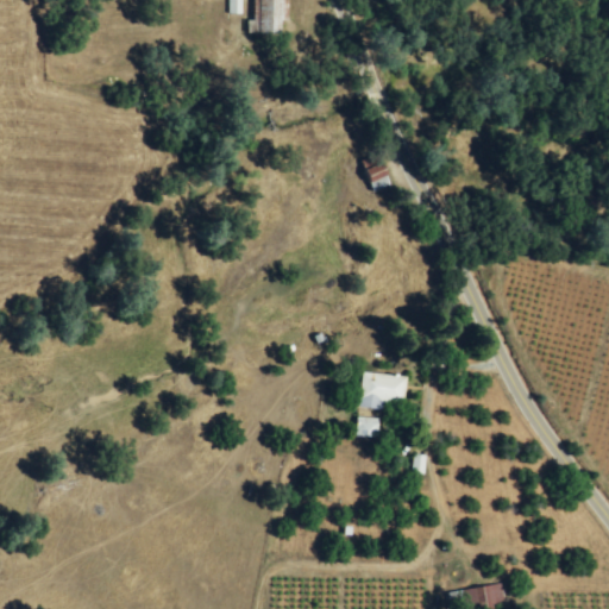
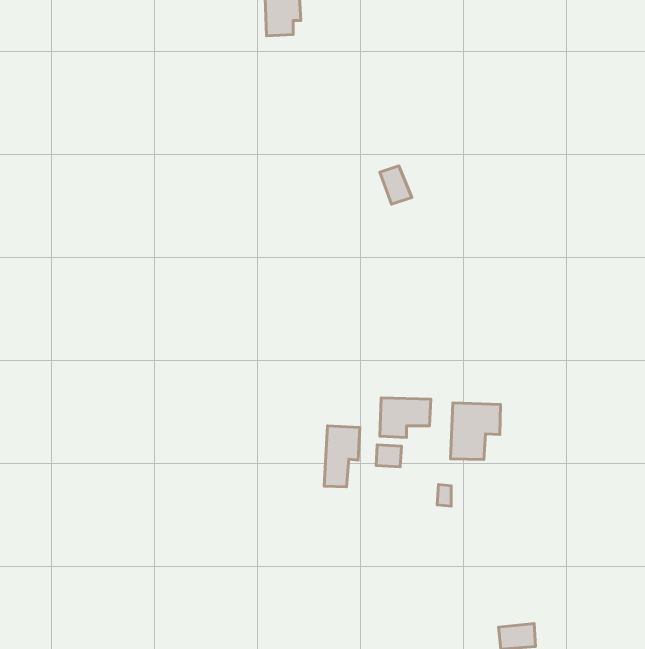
building: none -> [450,403,500,459]
building: none -> [324,426,360,487]

